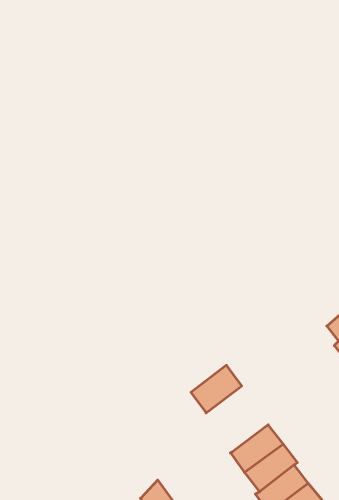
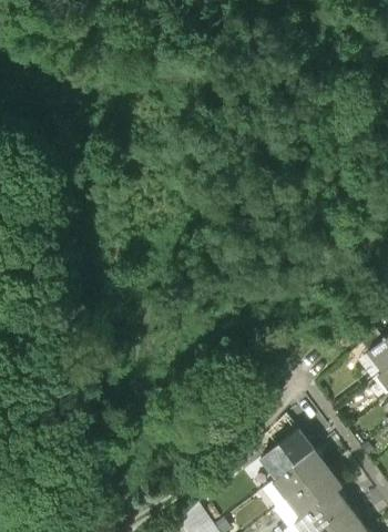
building: [191,365,242,413] -> [259,431,312,480]

